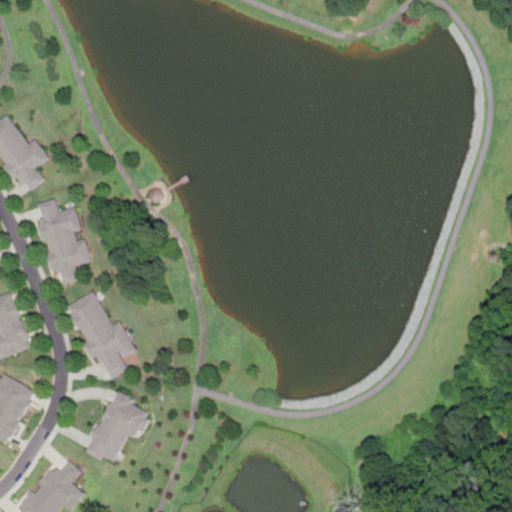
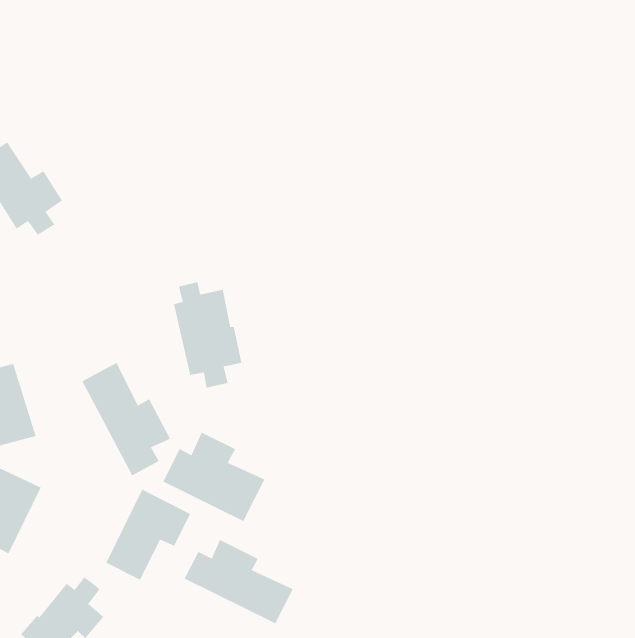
building: [35,199,90,284] -> [173,281,242,388]
building: none -> [162,432,265,522]
building: none -> [184,539,293,624]

